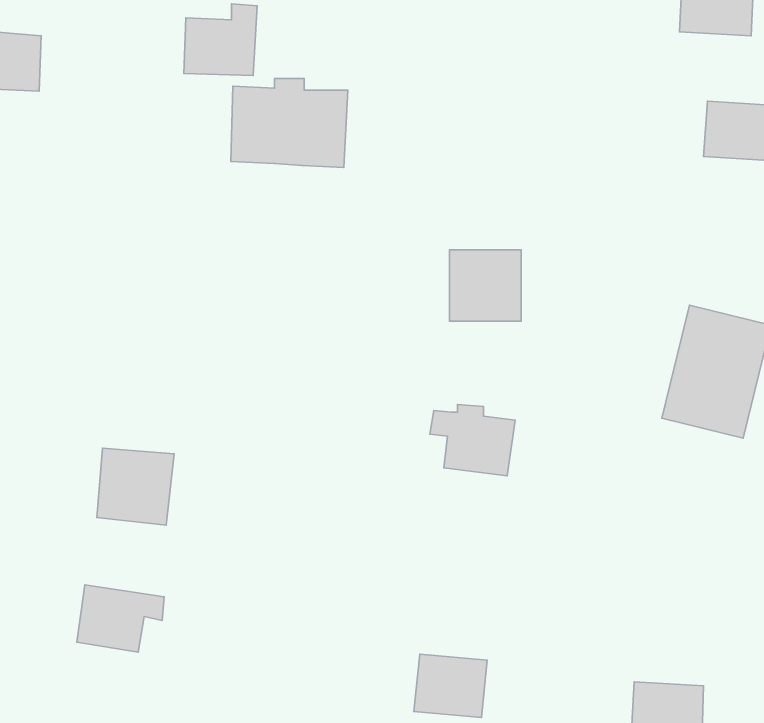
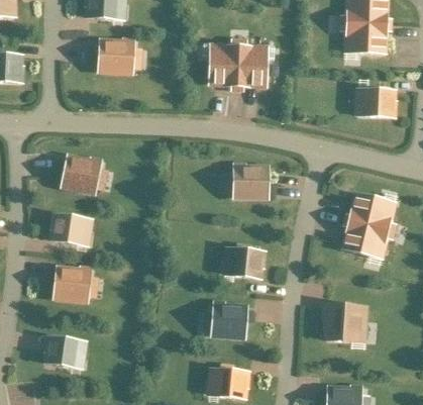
building: [231,78,348,168] -> [208,42,268,88]
building: none -> [60,151,102,195]
building: none -> [52,212,93,244]
building: none -> [209,300,247,339]
building: none -> [321,302,361,342]

